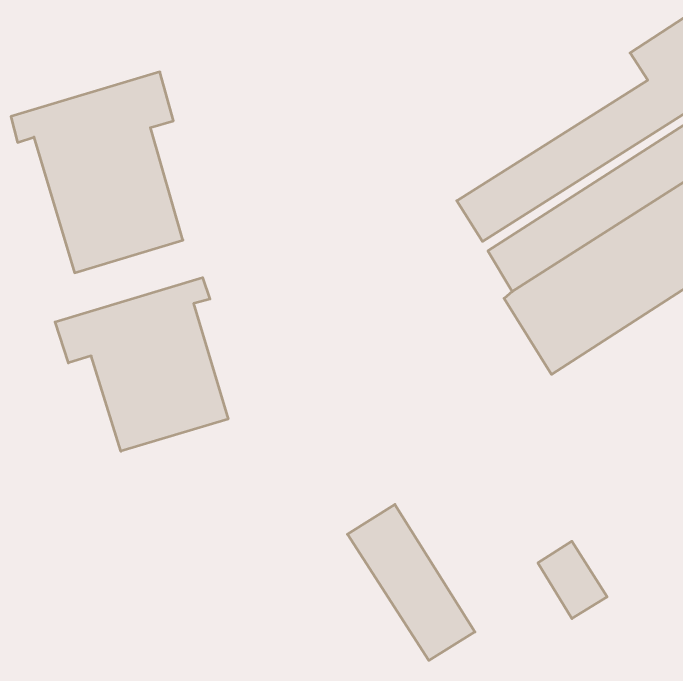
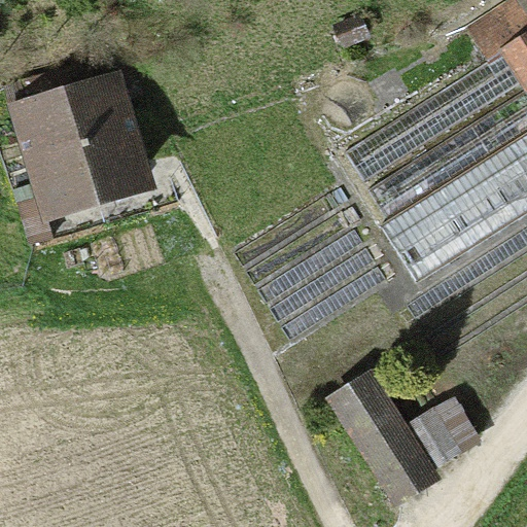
building: [55,278,228,451] -> none
building: [347,504,475,660] -> [345,389,442,507]

